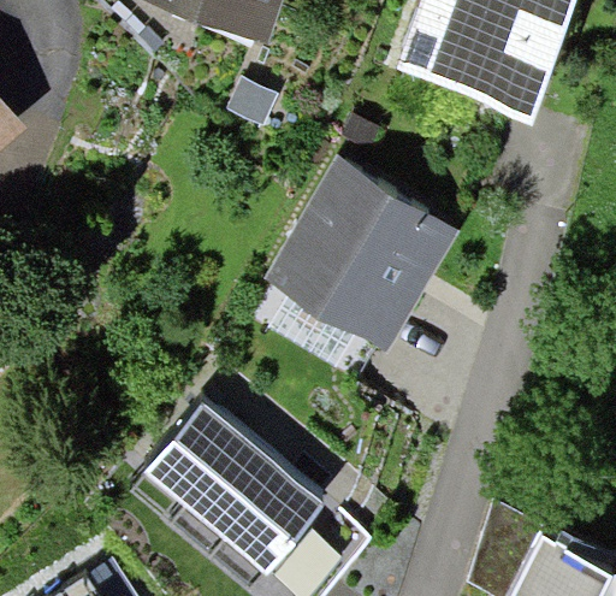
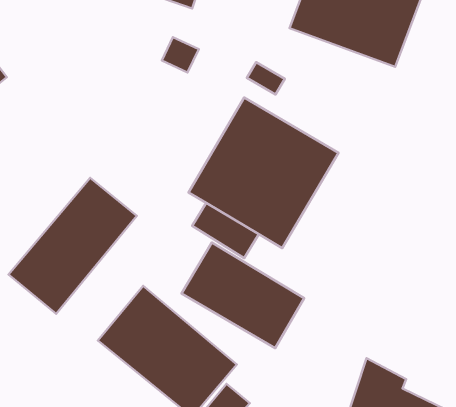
building: none -> [9,178,137,314]
building: none -> [181,242,304,348]

